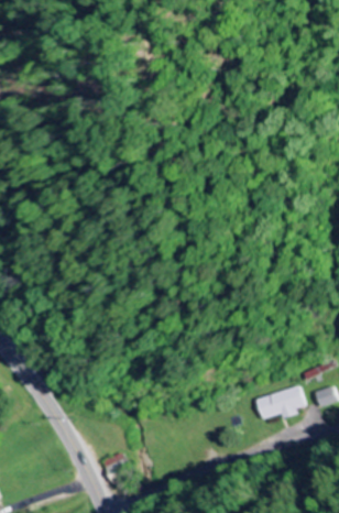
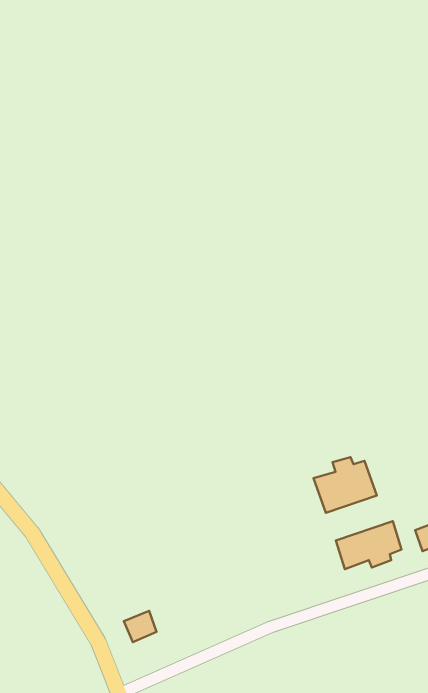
building: none -> [313,457,377,513]

